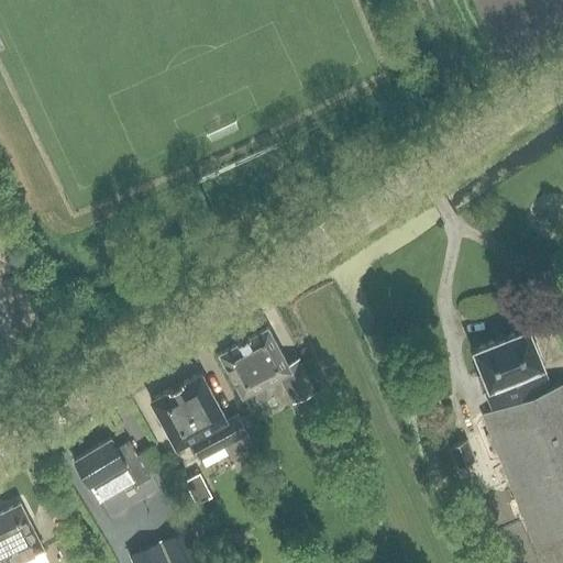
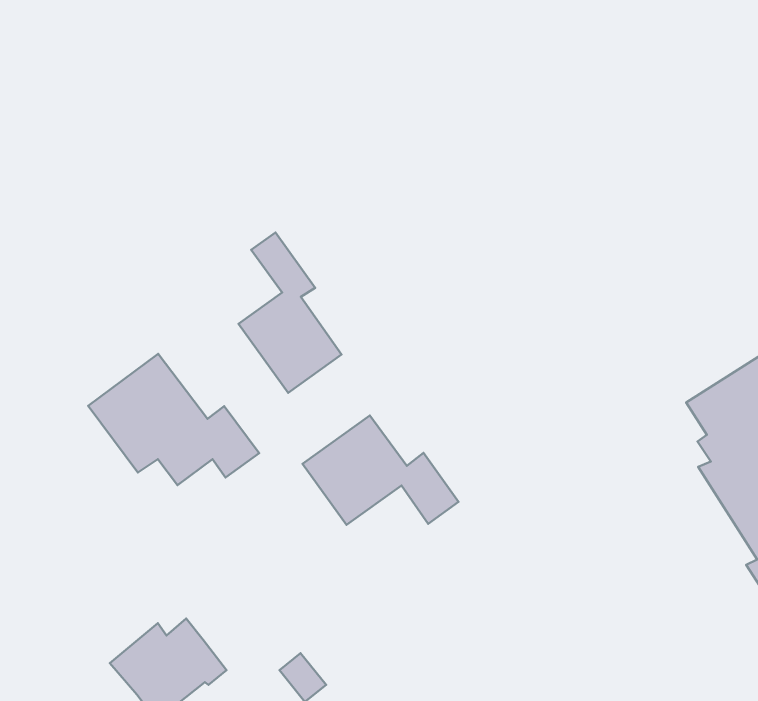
building: none -> [239,232,342,393]
building: [151,375,256,462] -> [88,354,259,485]

